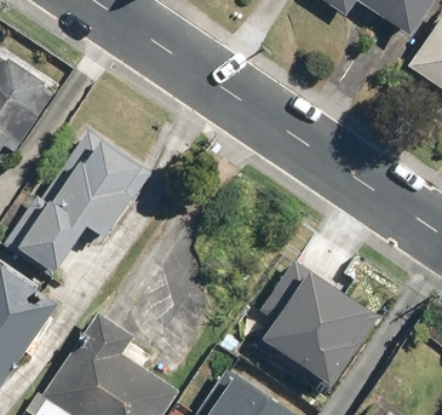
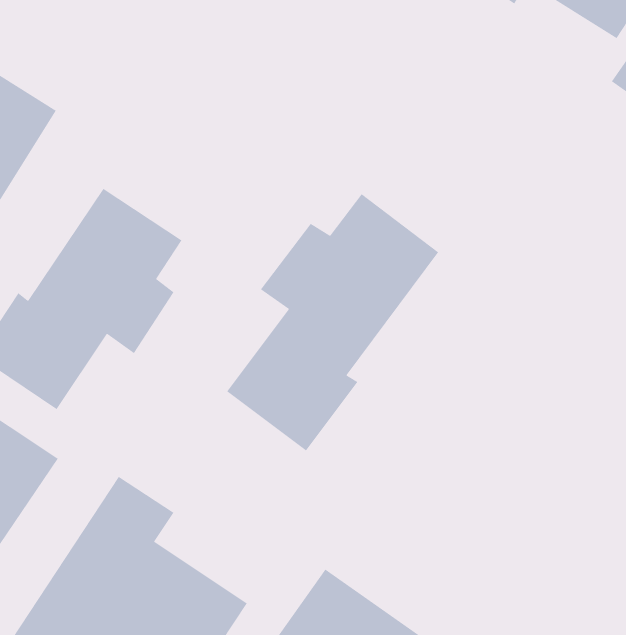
building: none -> [226,193,439,452]
building: [274,261,389,377] -> none

